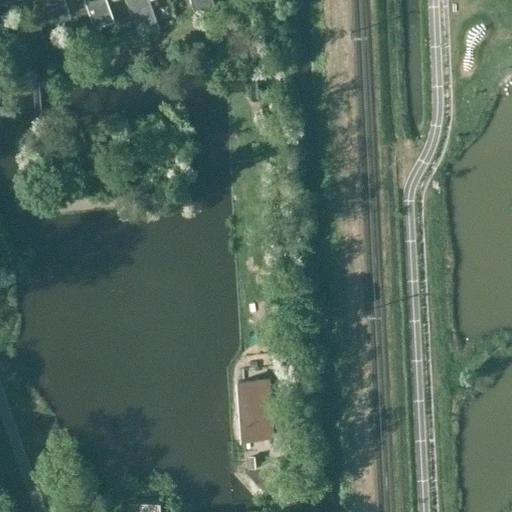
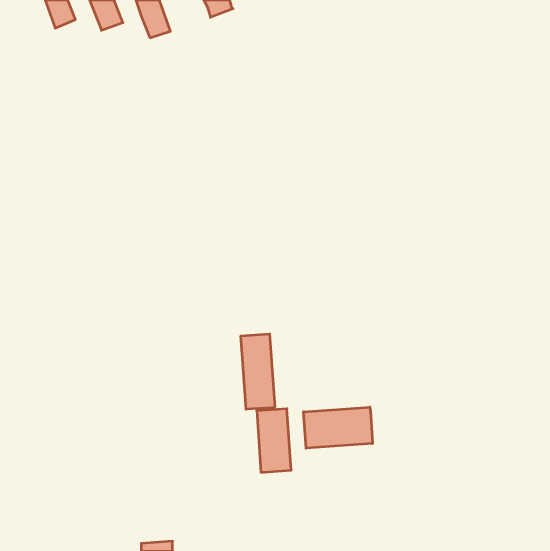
building: none -> [241,334,275,409]
building: none -> [304,407,372,448]

